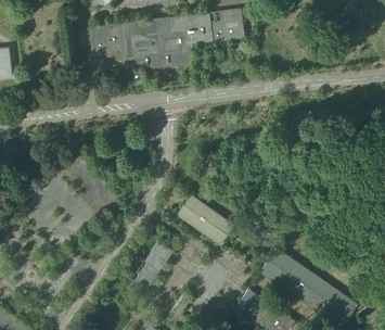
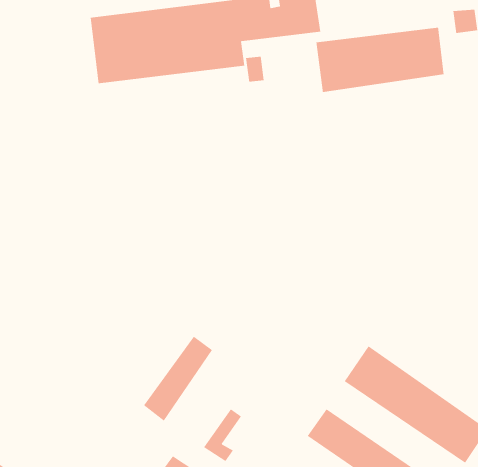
building: none -> [316,27,444,93]
building: [178,195,233,243] -> none

